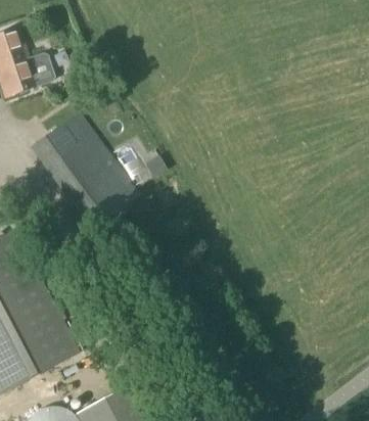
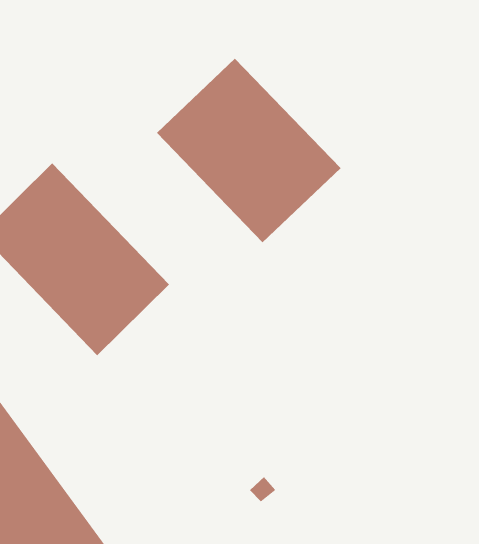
building: none -> [156,58,341,243]

